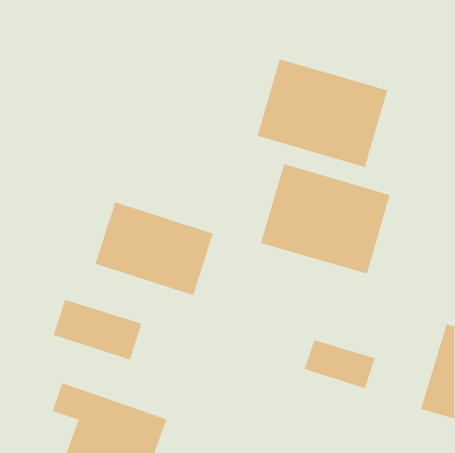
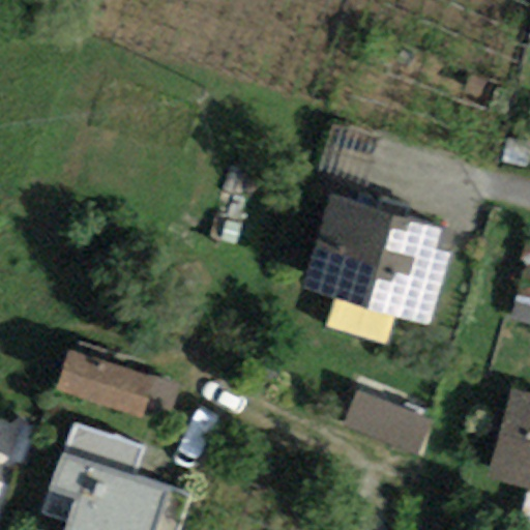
building: [257,58,388,168] -> none
building: [95,202,213,296] -> none

